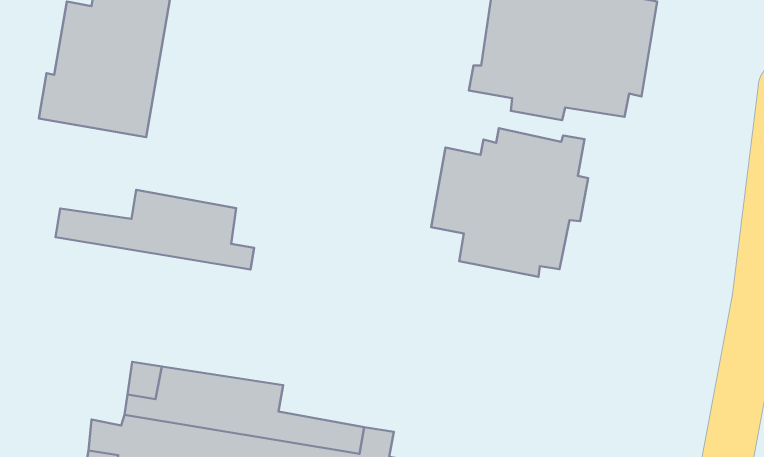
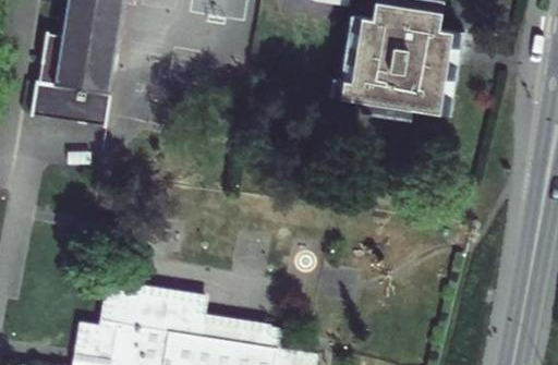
building: [431,128,588,277] -> none
building: [56,190,254,270] -> none

